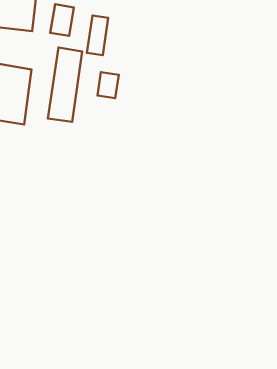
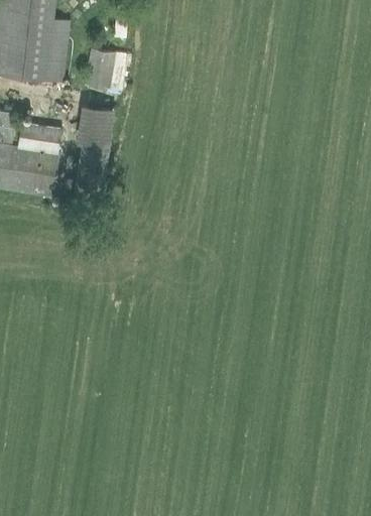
building: [87,16,108,55] -> none
building: [98,72,119,98] -> none

